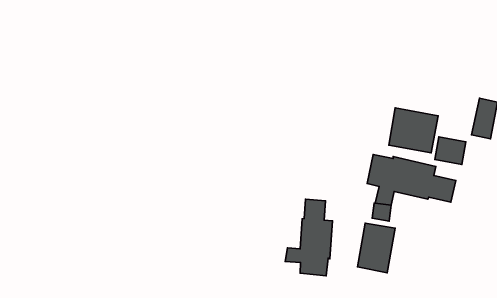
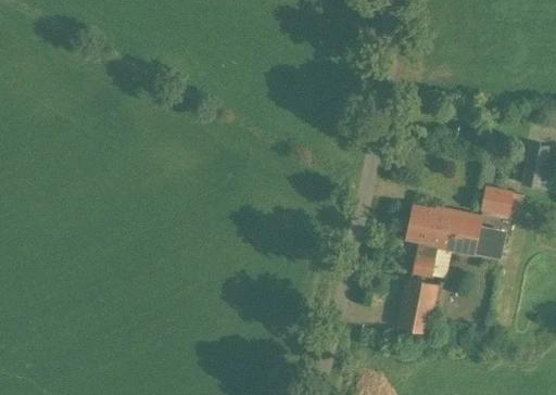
building: [389,108,438,153] -> none
building: [285,199,332,276] -> none

